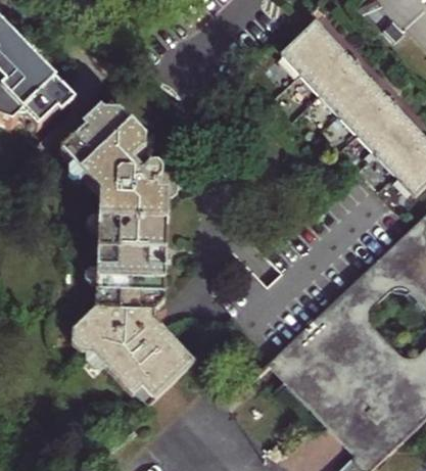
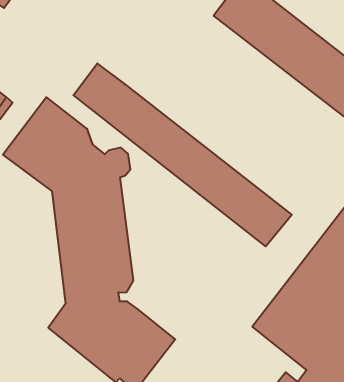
building: none -> [73,63,292,246]

